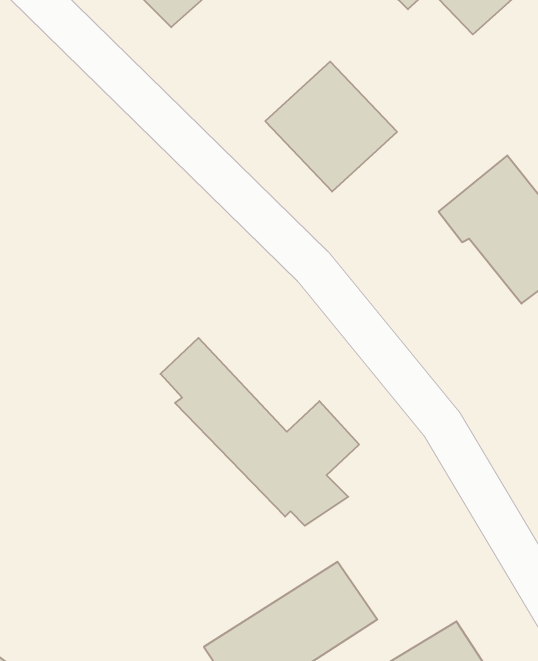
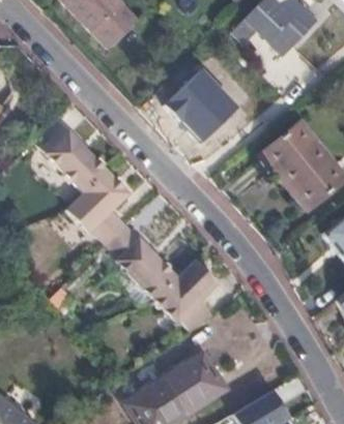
building: none -> [34,121,131,246]

